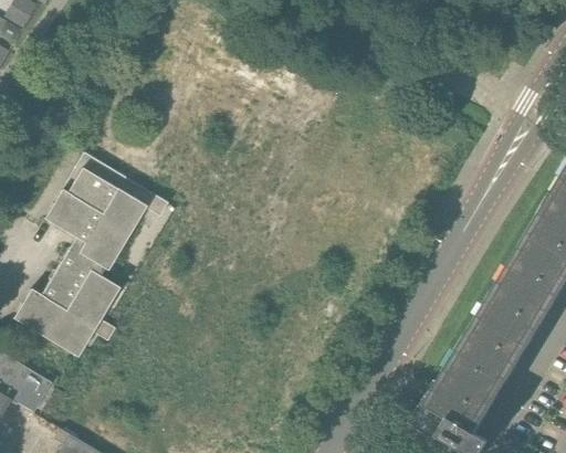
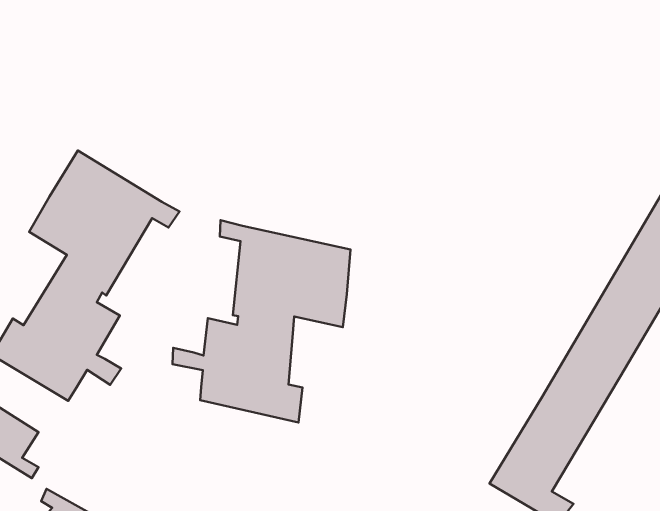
building: none -> [173,220,351,422]

